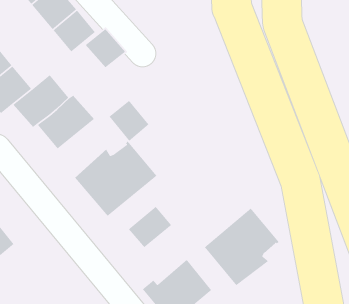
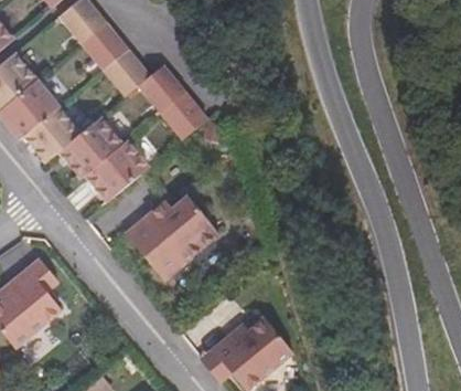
building: [109,100,150,142] -> [161,91,207,138]
building: [128,206,172,248] -> none
building: [204,208,280,286] -> none

